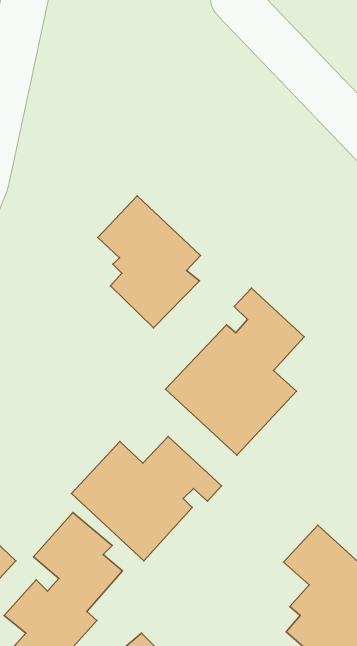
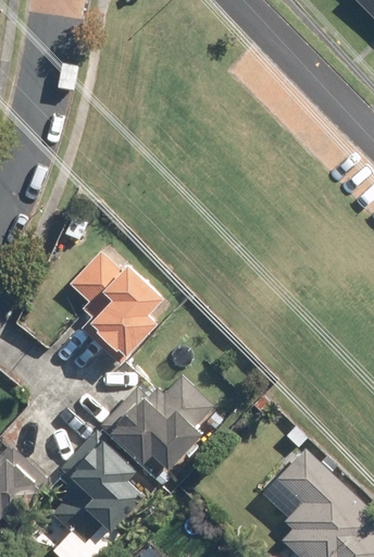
building: [98,196,201,328] -> [67,249,155,362]
building: [165,288,304,455] -> none

